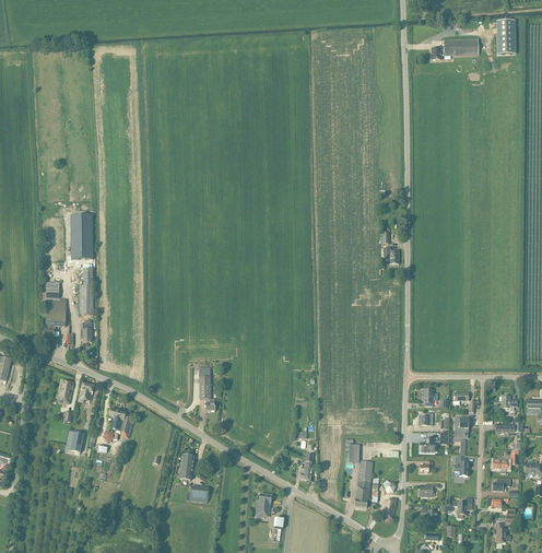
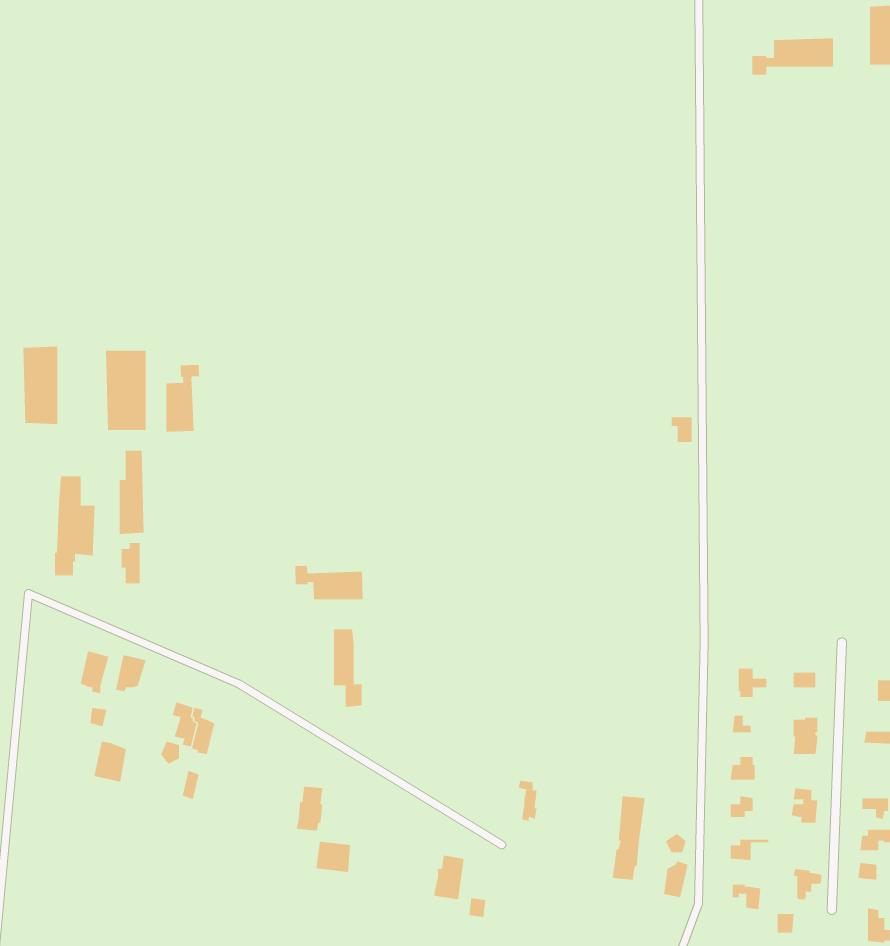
building: none -> [23,346,58,425]
building: none -> [166,364,200,432]
building: none -> [295,565,363,600]

